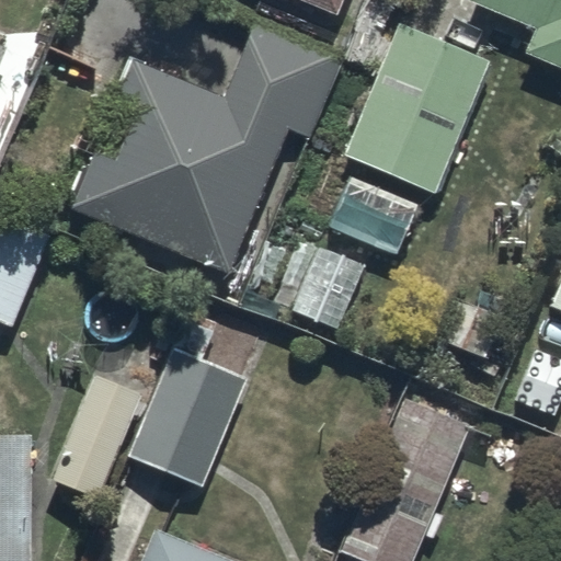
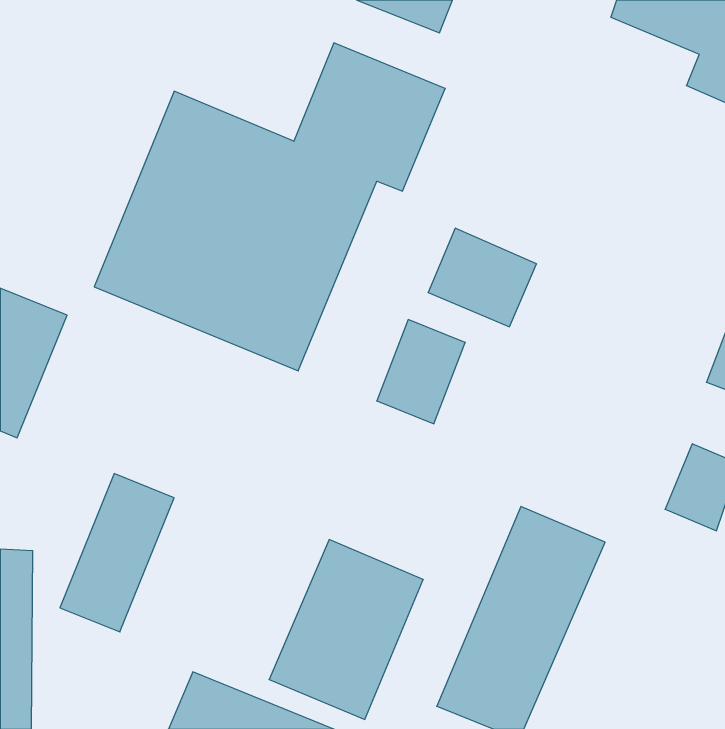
building: [348,34,493,203] -> none
building: [126,339,244,477] -> [269,540,423,719]

